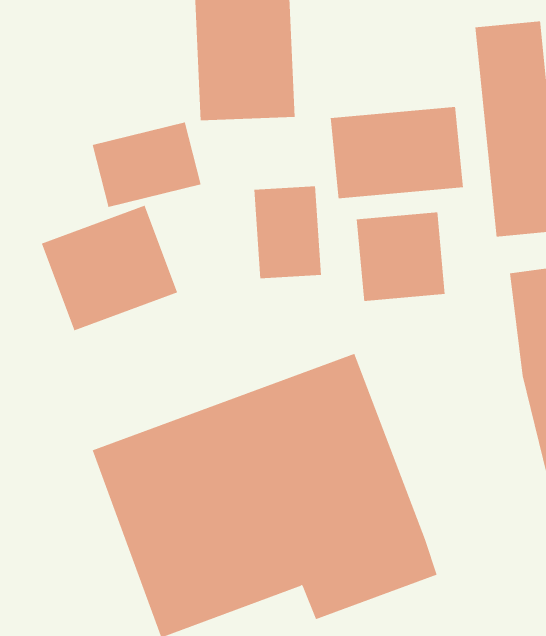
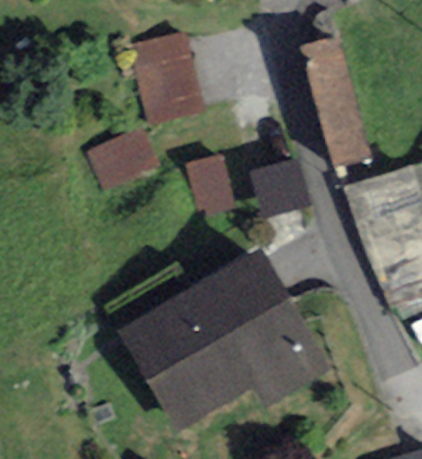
building: [330,106,463,199] -> none
building: [41,205,178,331] -> none

